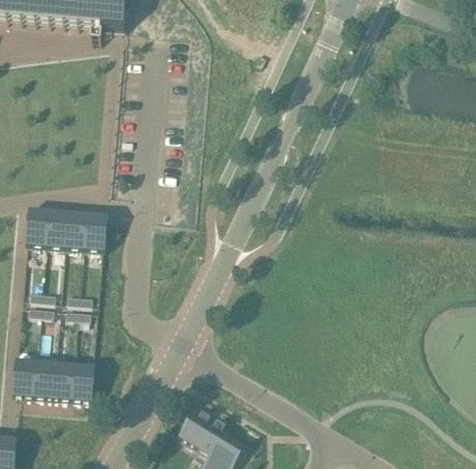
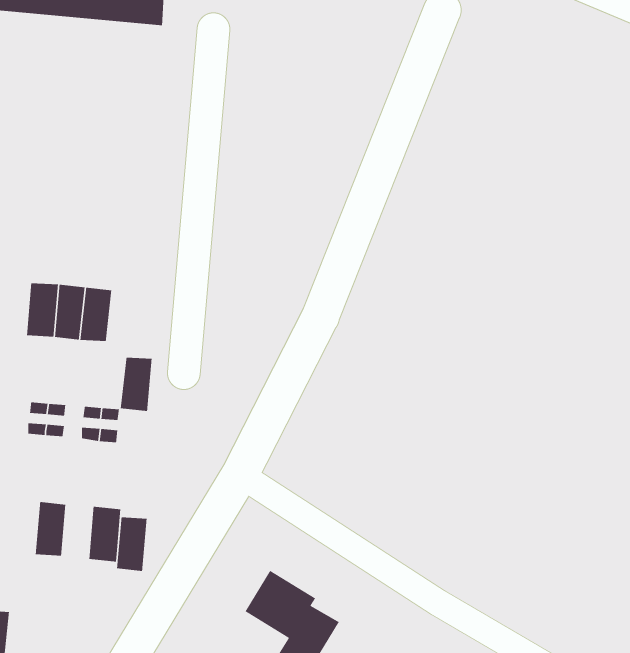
building: [83,213,106,252] -> [120,357,152,412]
building: [13,358,36,398] -> none
building: [52,362,73,401] -> [116,517,147,572]

